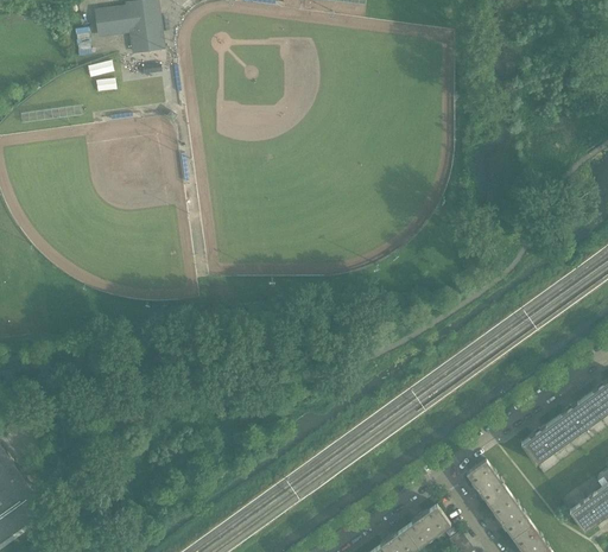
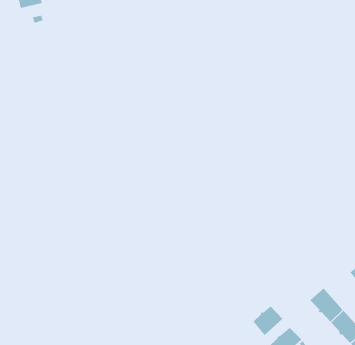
building: none -> [253,305,283,336]

